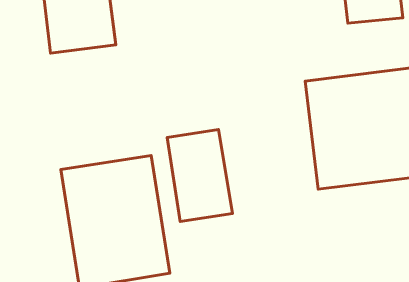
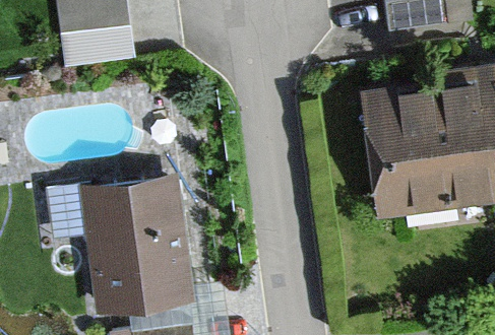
building: [167,130,232,222] -> none

